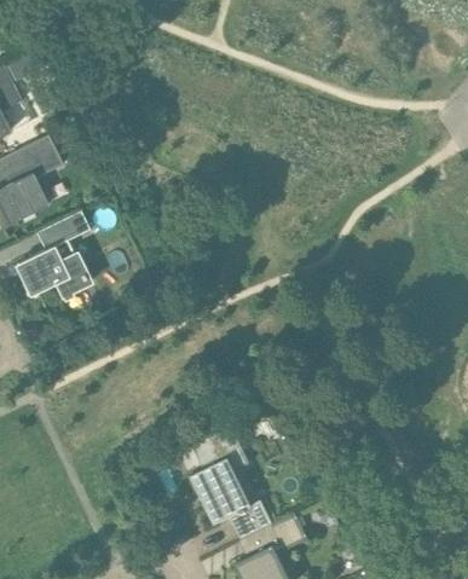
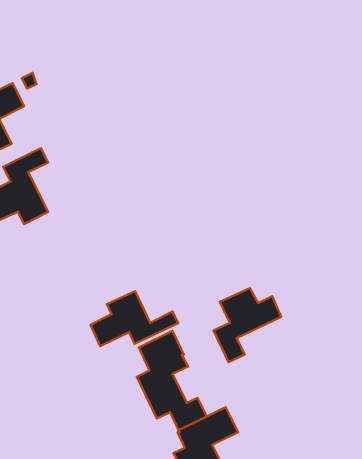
building: none -> [213,288,281,362]
building: none -> [91,291,178,346]

